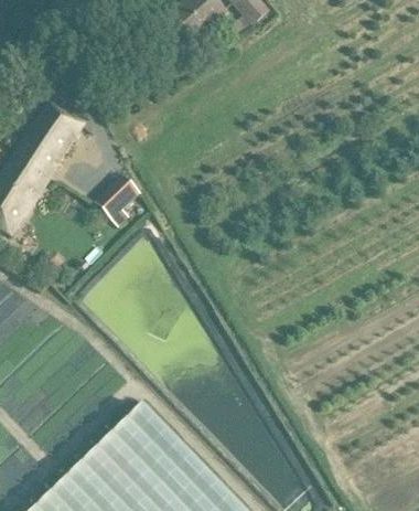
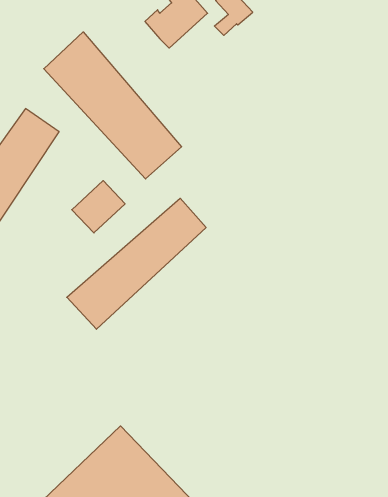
building: none -> [44,32,182,179]
building: none -> [67,198,206,329]

